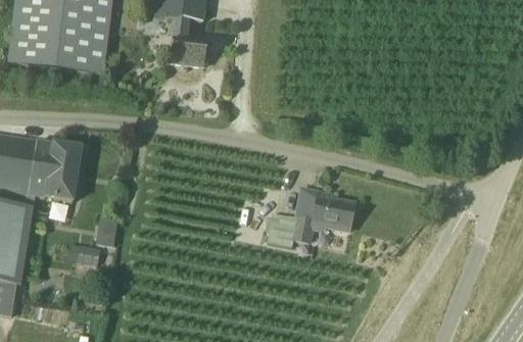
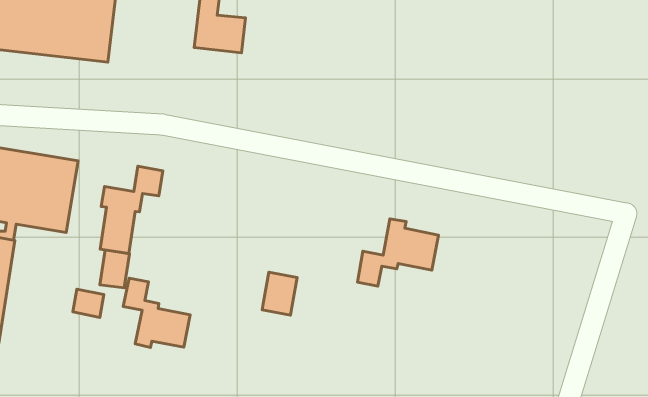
building: none -> [100,166,163,254]
building: [268,211,294,244] -> [262,272,297,315]
building: none -> [123,278,190,347]

